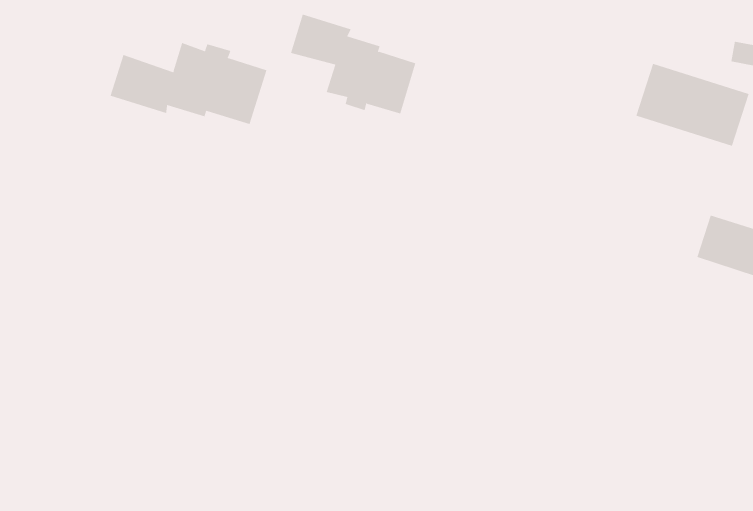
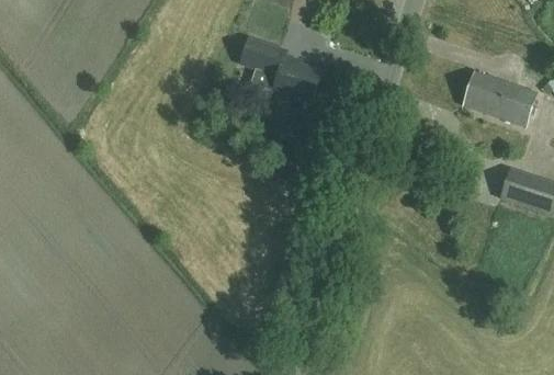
building: [110,42,267,125] -> none

